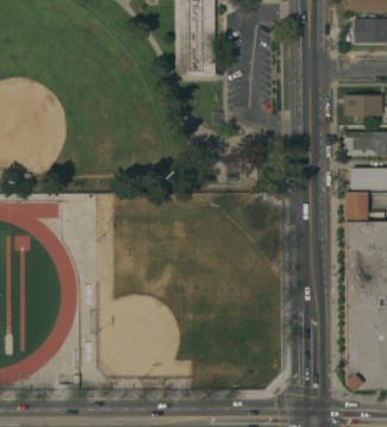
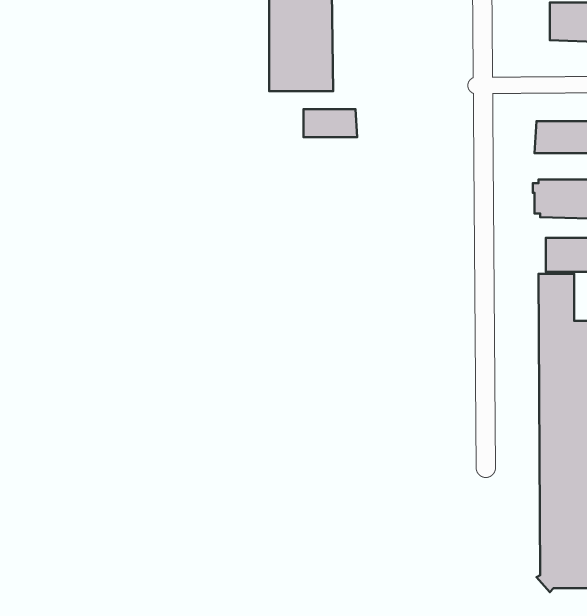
building: none -> [303,109,357,137]

